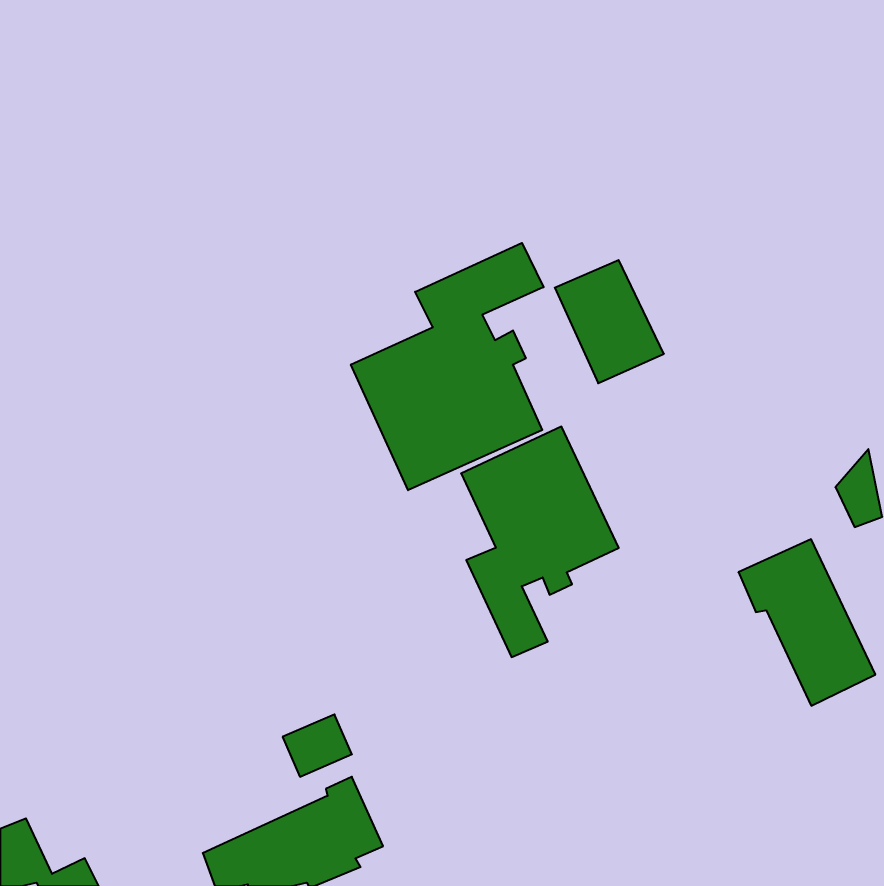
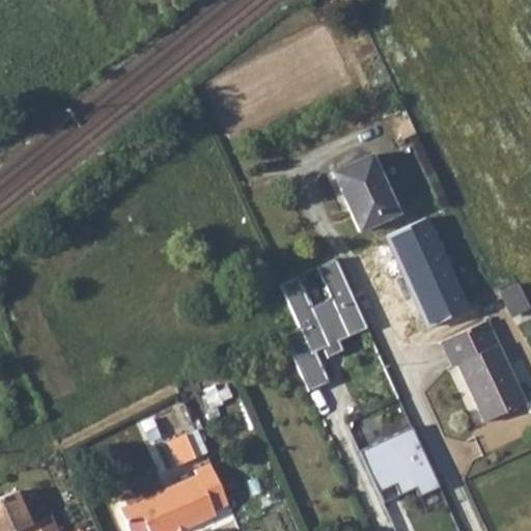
building: [351,243,544,490] -> none
building: none -> [391,218,471,326]
building: none -> [359,425,446,500]

